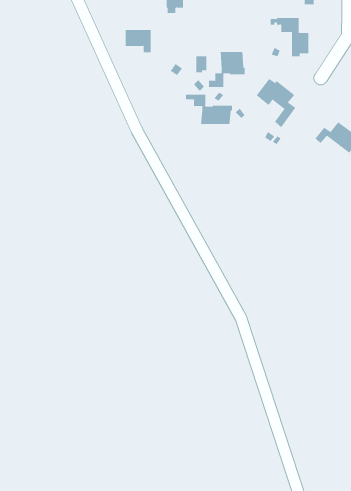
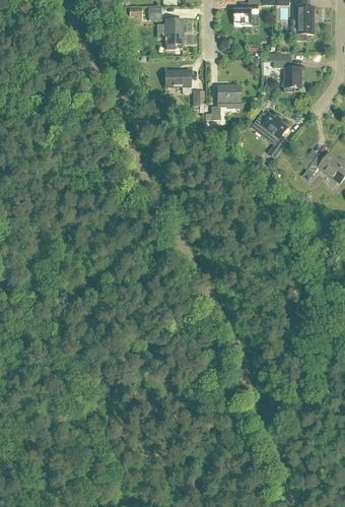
building: [125,29,151,53] -> [164,70,190,92]
building: [186,94,233,125] -> none

